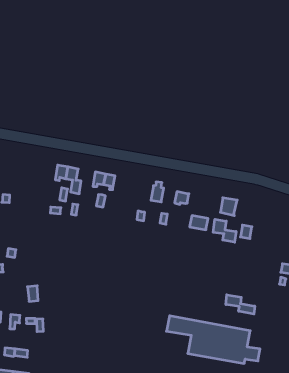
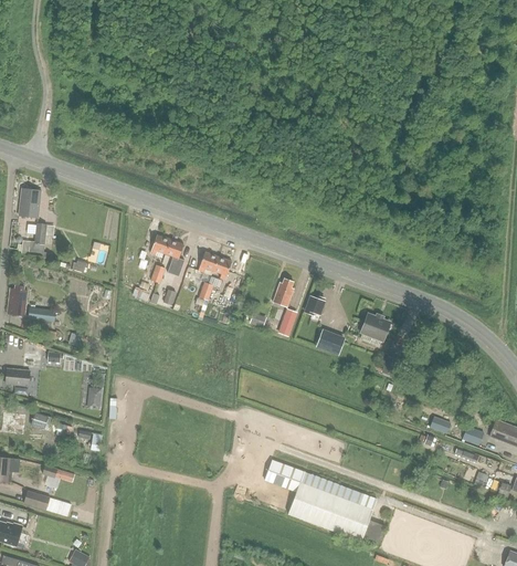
building: [213,219,236,242] -> none
building: [226,295,255,314] -> none

